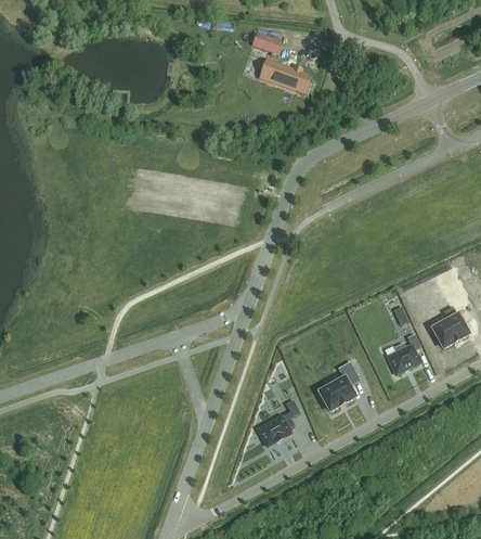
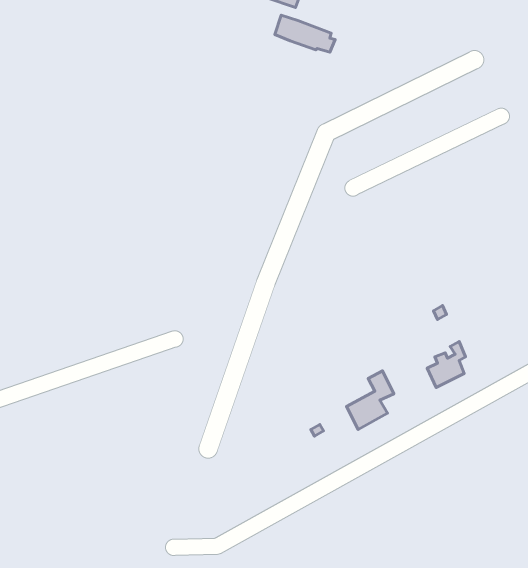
building: [432,306,467,347] -> none
building: [257,415,289,446] -> none

